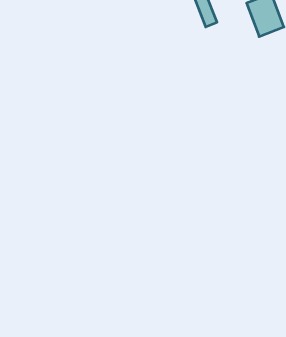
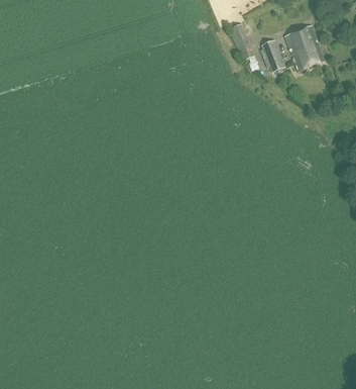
building: none -> [259,37,284,70]

